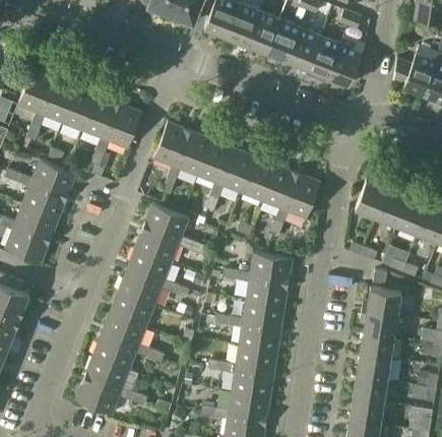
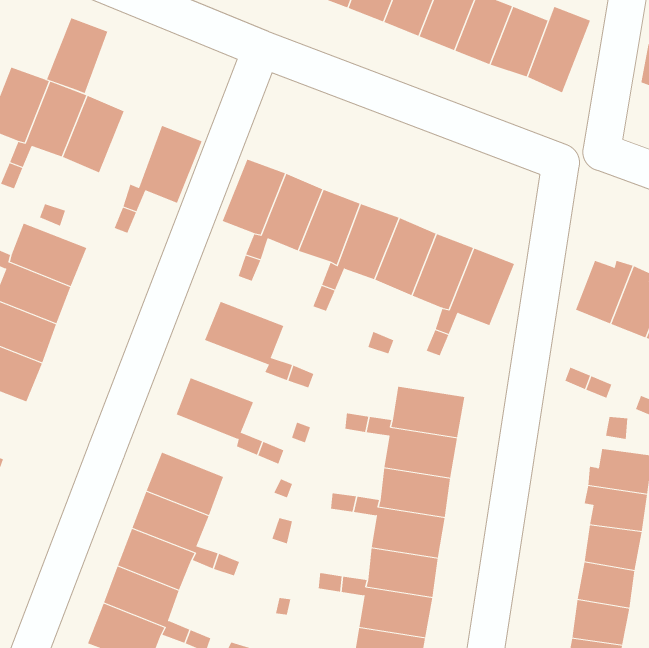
building: [83,97,119,140] -> [46,17,108,94]
building: [135,228,180,263] -> none
building: [119,270,163,306] -> none

